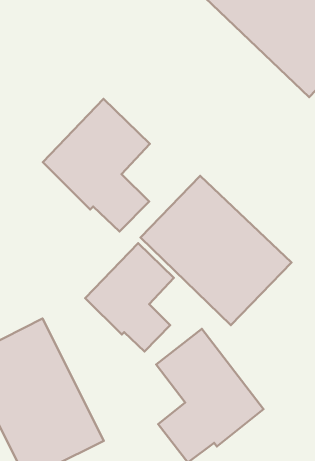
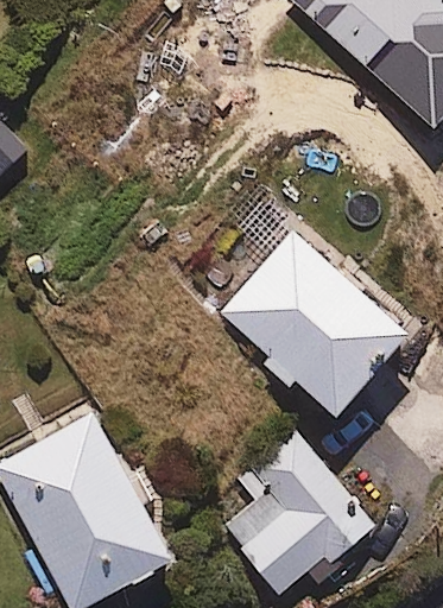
building: [43,99,150,232] -> none
building: [85,243,174,351] -> none

